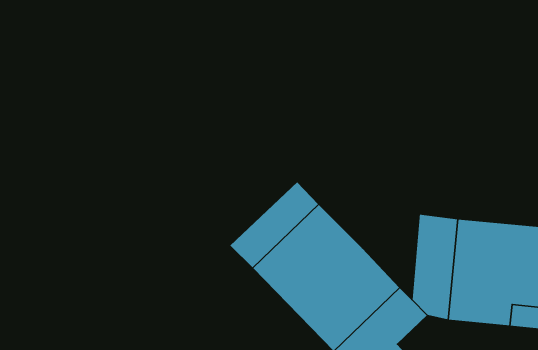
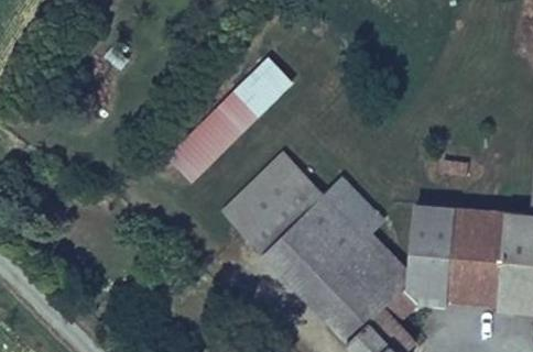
building: none -> [172,57,294,175]
building: none -> [222,153,303,232]
building: none -> [323,176,381,234]

